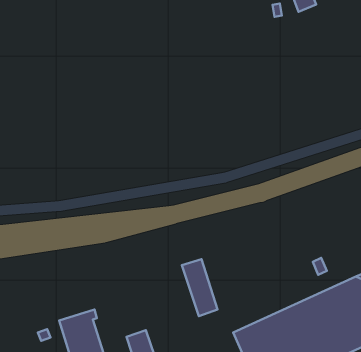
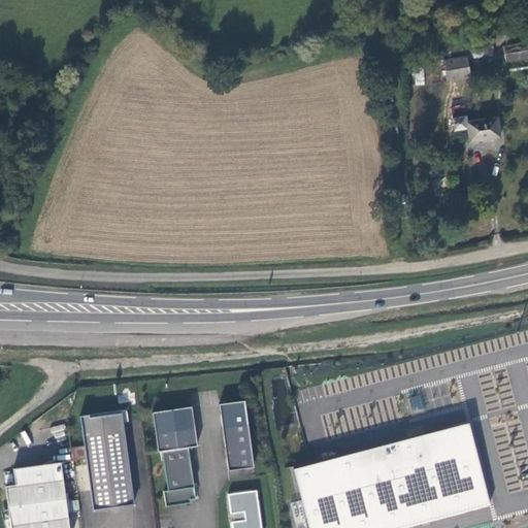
building: none -> [453,118,500,143]
building: [182,259,218,316] -> [218,401,253,471]
building: none -> [152,407,197,453]

